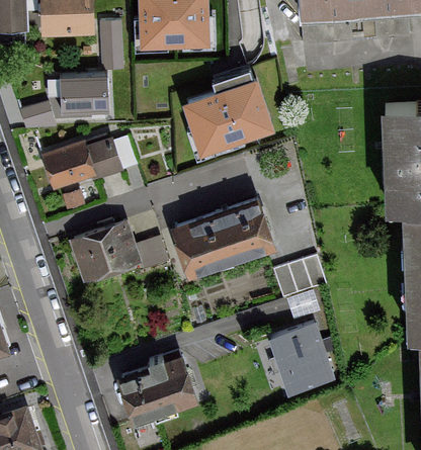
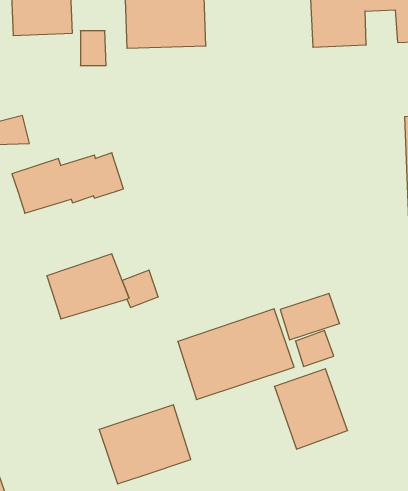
building: [60,76,109,115] -> none
building: [183,78,274,154] -> none
building: [172,199,273,278] -> [178,309,294,400]

